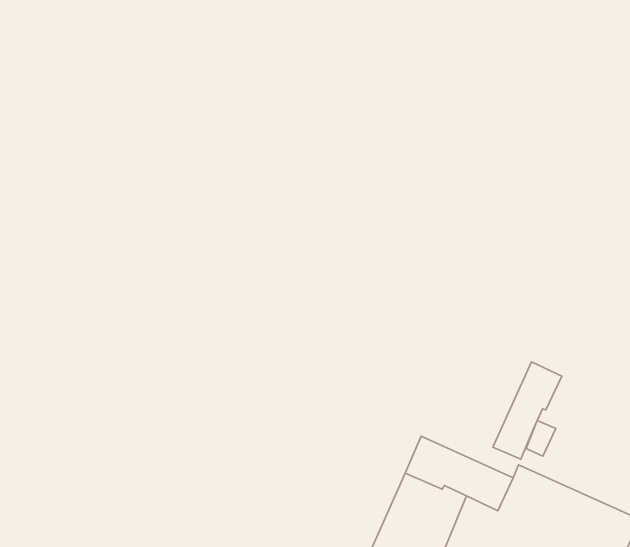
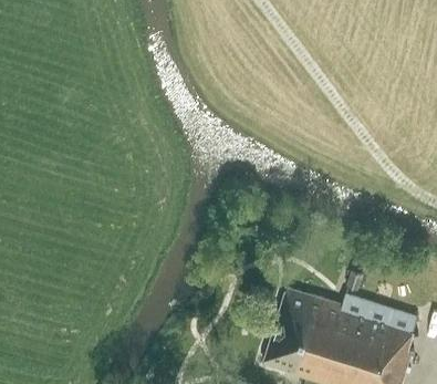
building: [493,362,562,459] -> none

